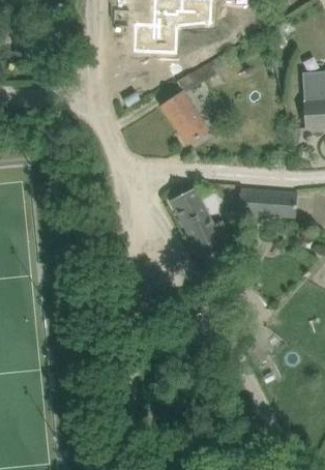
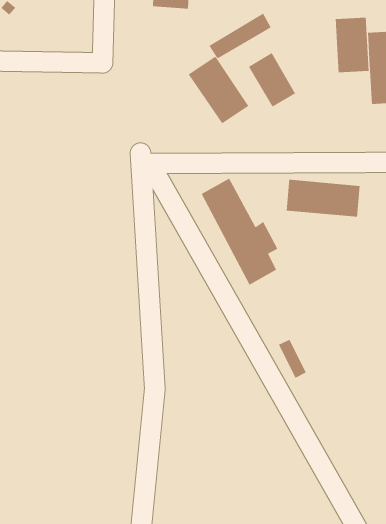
building: none -> [335,17,369,73]
building: none -> [249,52,296,108]

